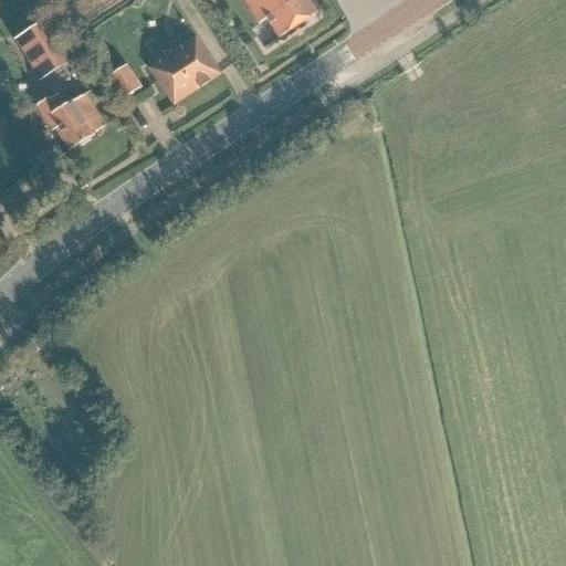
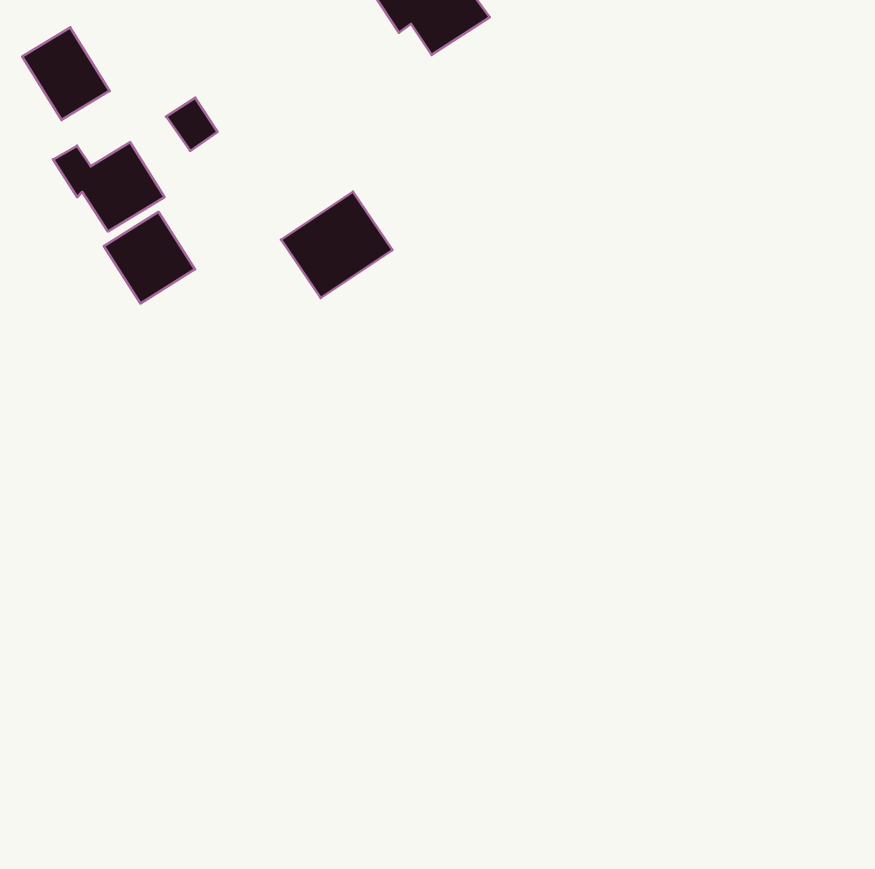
building: [148,33,220,102] -> [281,192,392,298]
building: none -> [104,212,195,303]

